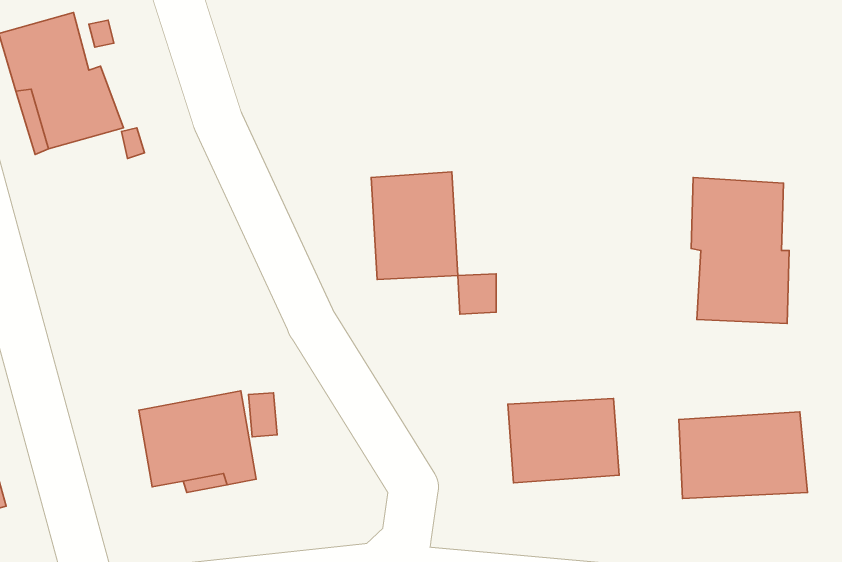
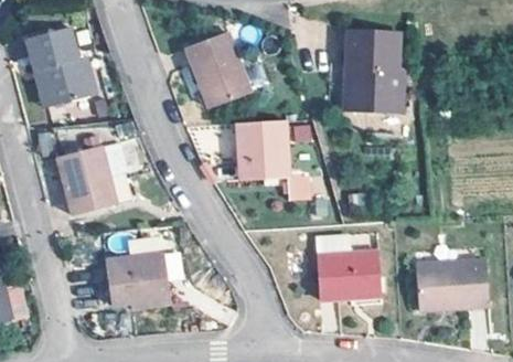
building: none -> [185,30,250,106]
building: [691,178,789,324] -> [346,28,403,111]
building: none -> [54,142,113,212]

